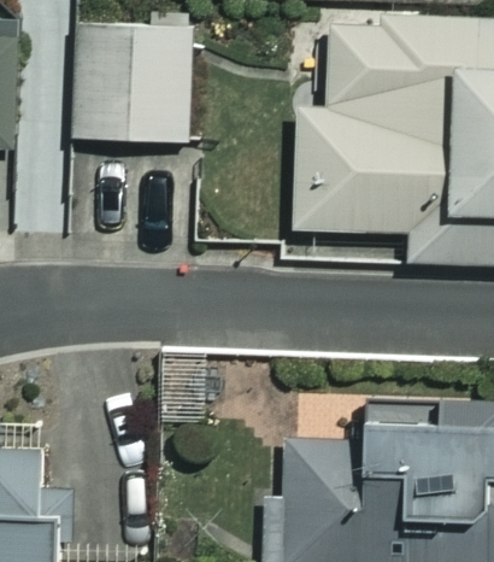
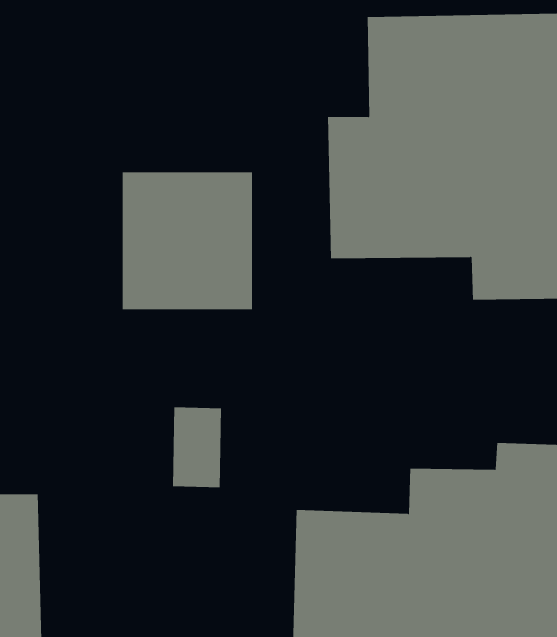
building: [76,25,187,142] -> [122,172,253,310]

